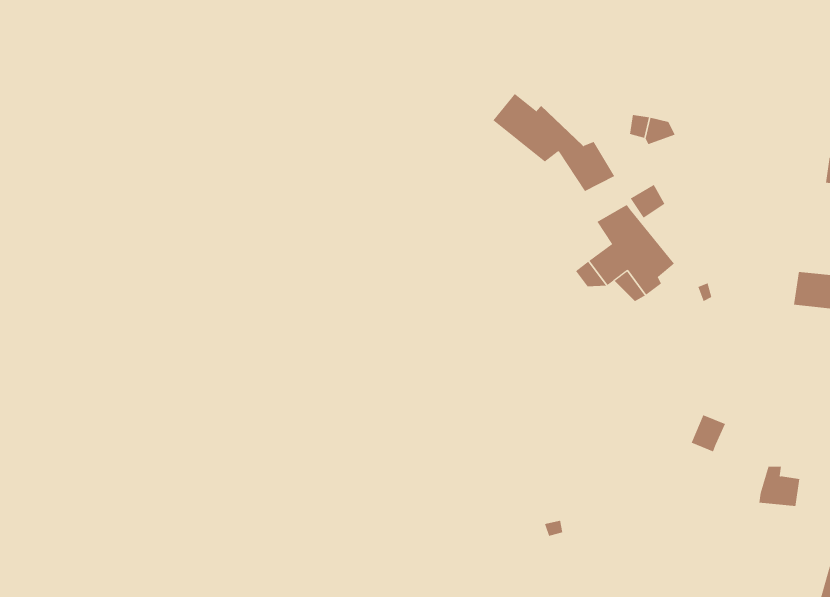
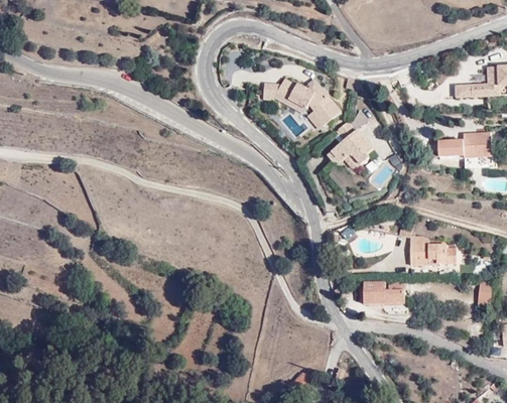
building: none -> [411,243,438,265]
building: none -> [364,280,403,301]

